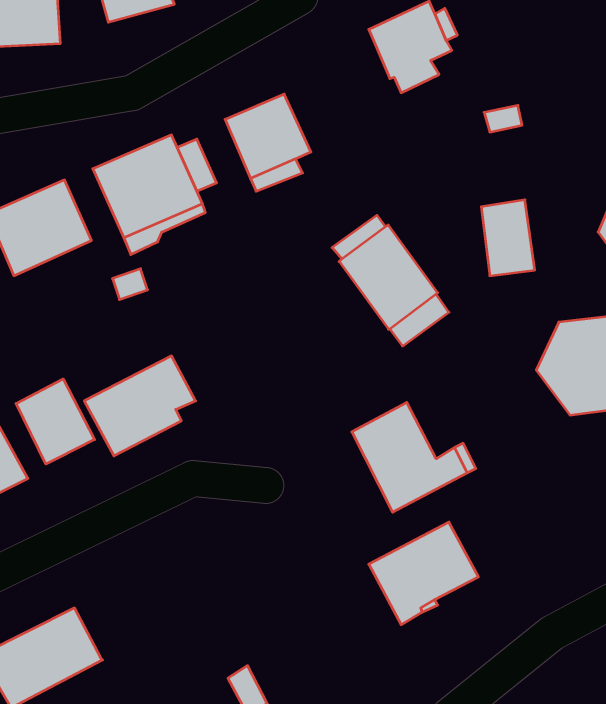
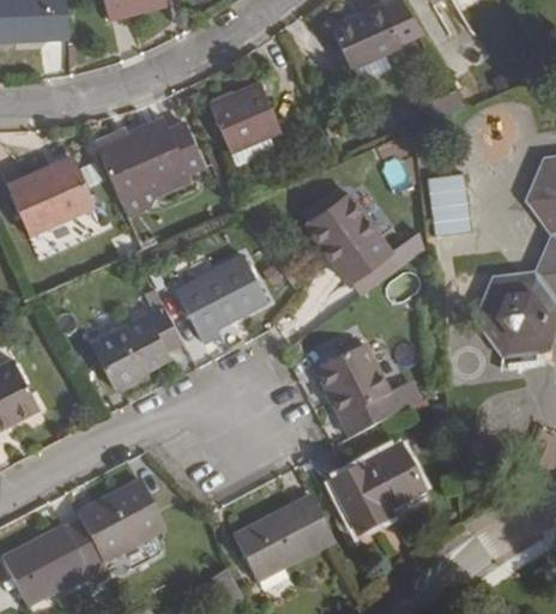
building: none -> [174,253,267,343]
building: [16,379,95,464] -> none
building: none -> [77,480,167,562]
building: none -> [232,494,334,583]

